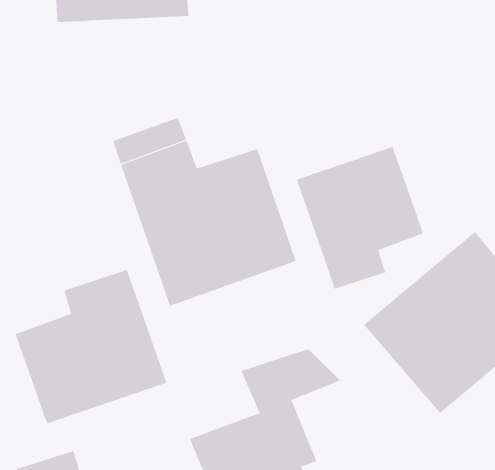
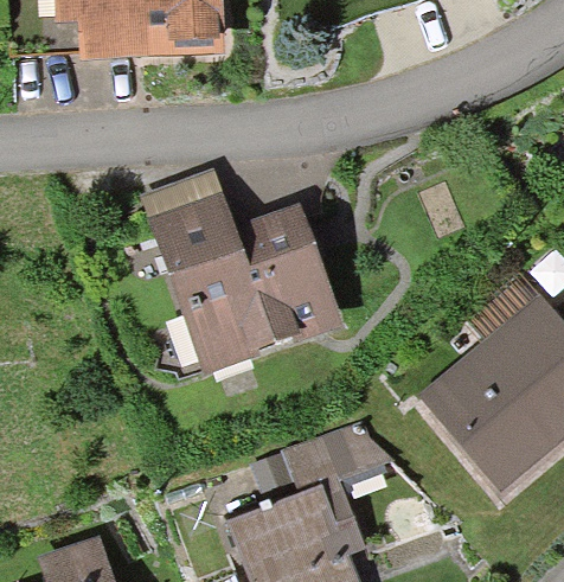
building: [296,146,424,290] -> none
building: [15,269,167,424] -> none

